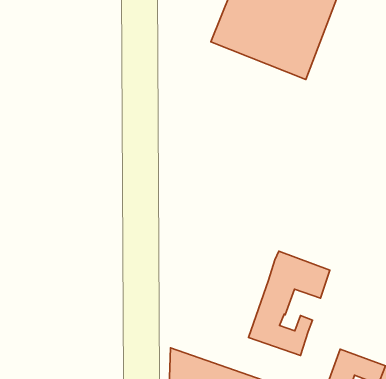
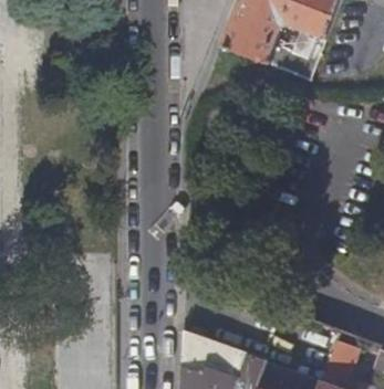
building: [248,251,330,356] -> none

